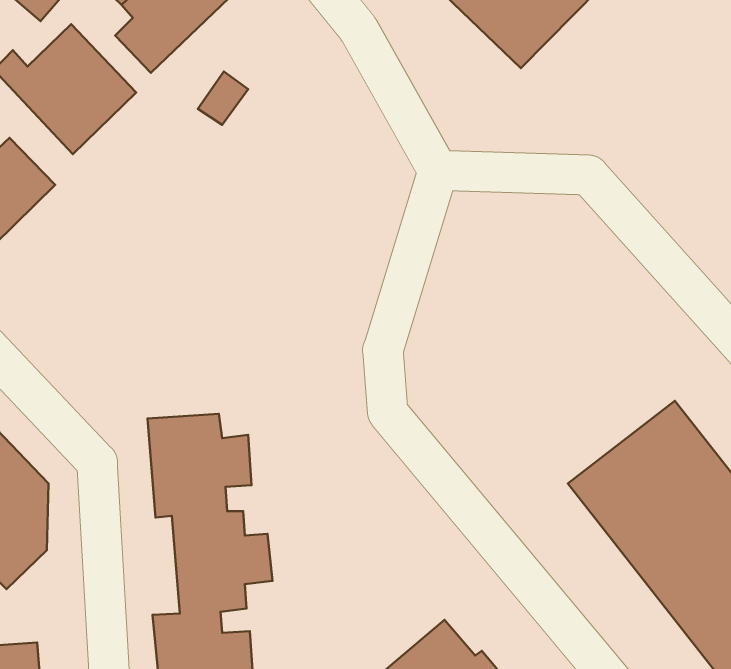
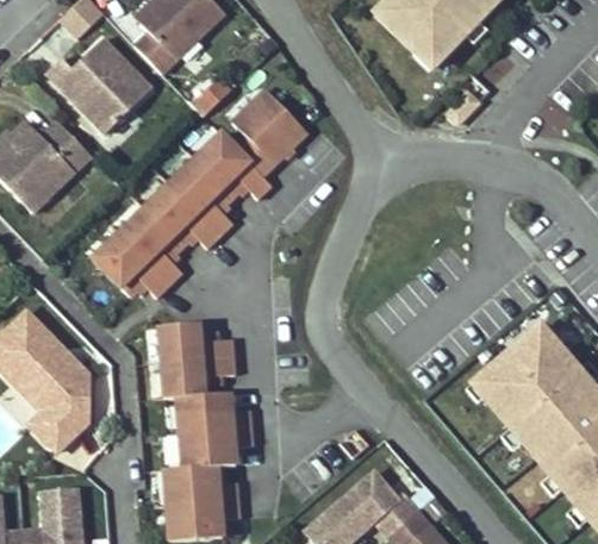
building: none -> [92,88,306,296]

